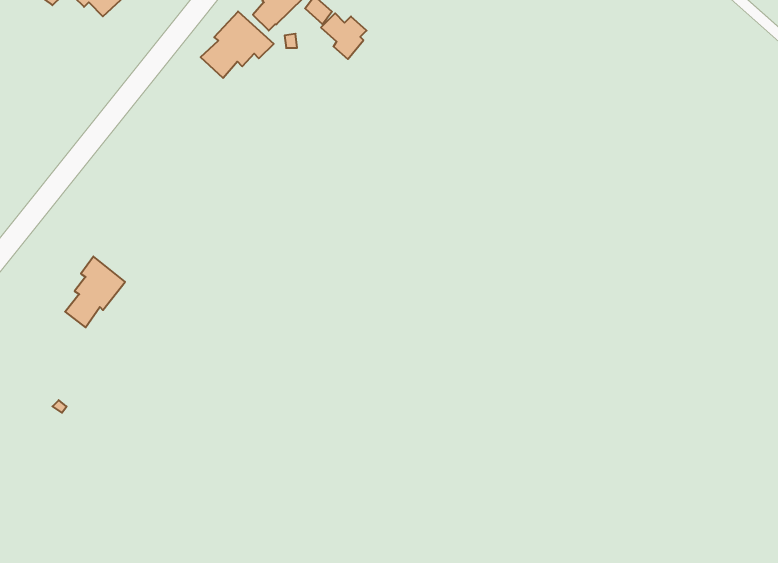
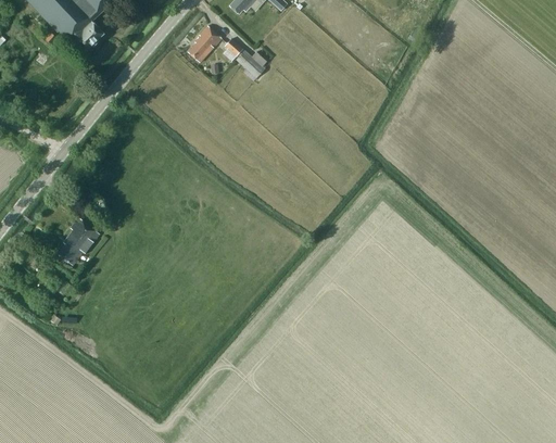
building: [201,11,274,78] -> none

